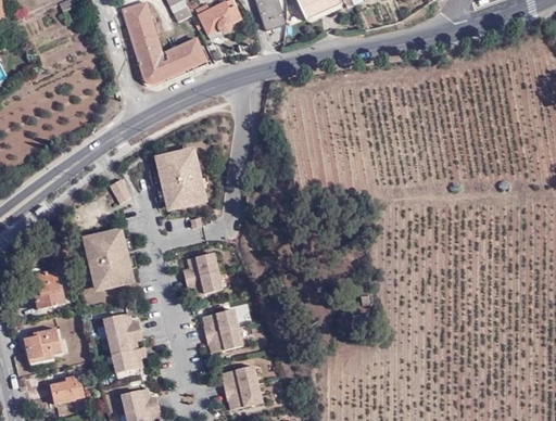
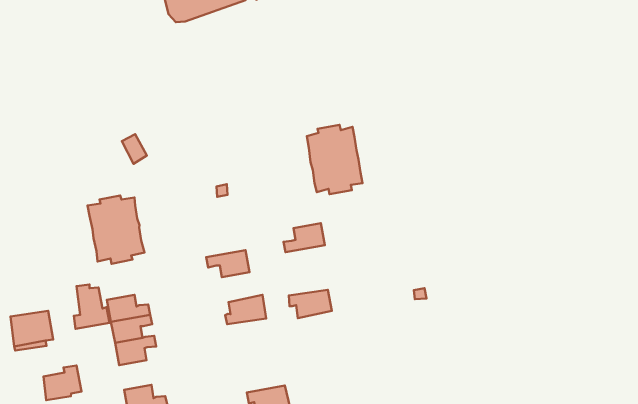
building: [155,149,204,207] -> [307,125,362,194]
building: [182,252,217,278] -> [284,223,325,252]
building: [35,272,65,310] -> [74,284,109,329]
building: [205,327,242,352] -> [289,290,332,318]
building: [223,365,256,390] -> none

